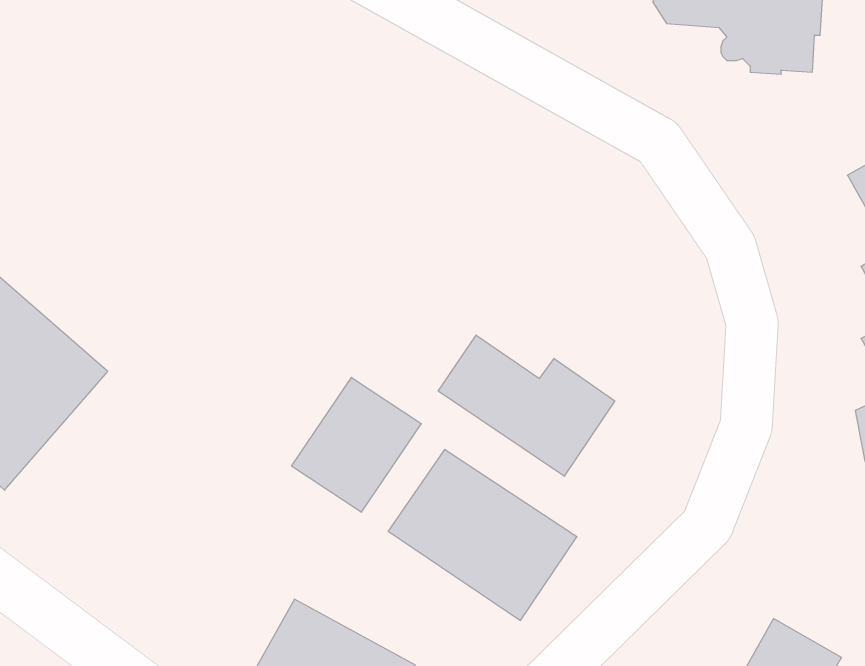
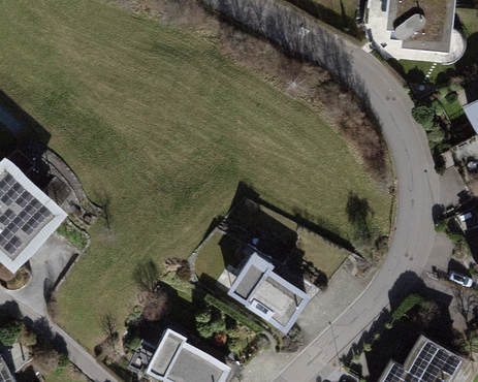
building: [438,335,615,476] -> none
building: [292,377,421,512] -> none

